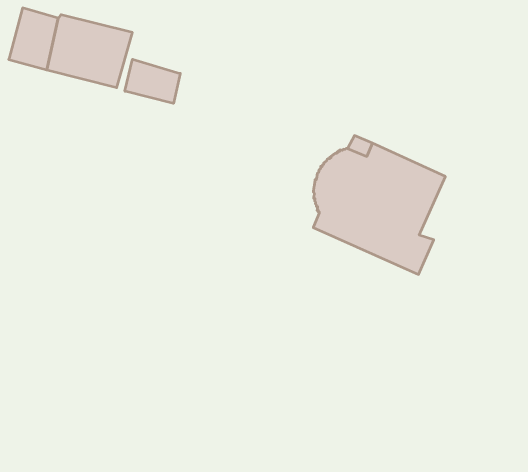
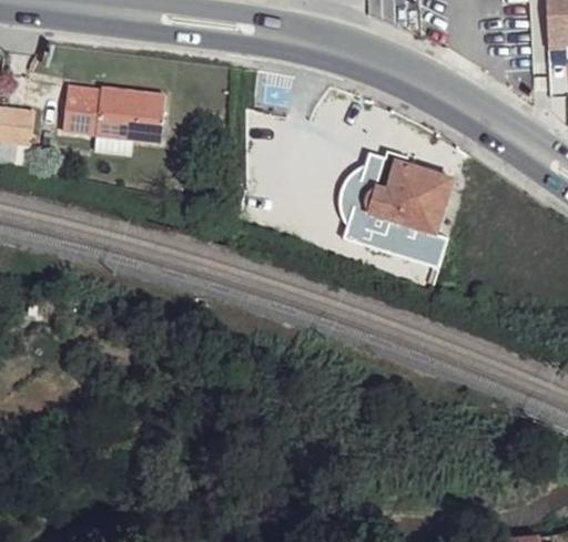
building: [125,59,180,103] -> none

